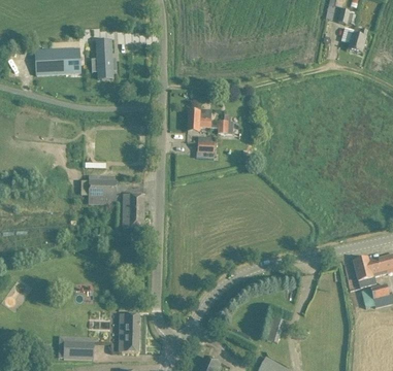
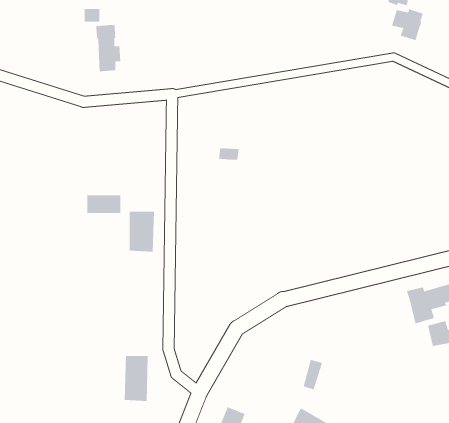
building: [35,47,80,74] -> none
building: [188,109,233,133] -> none
building: [63,341,94,359] -> none

